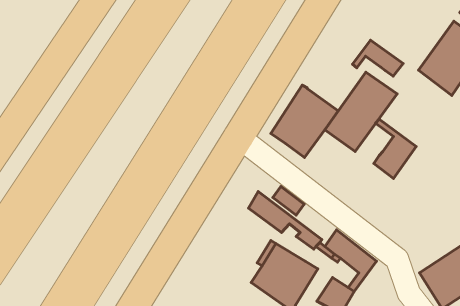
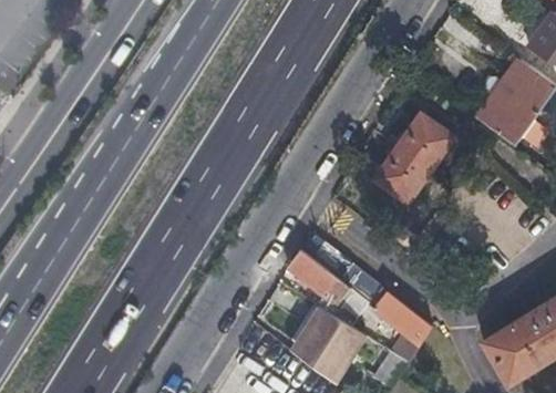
building: [352,40,403,76] -> none
building: [271,85,338,157] -> none
building: [374,119,416,179] -> none

